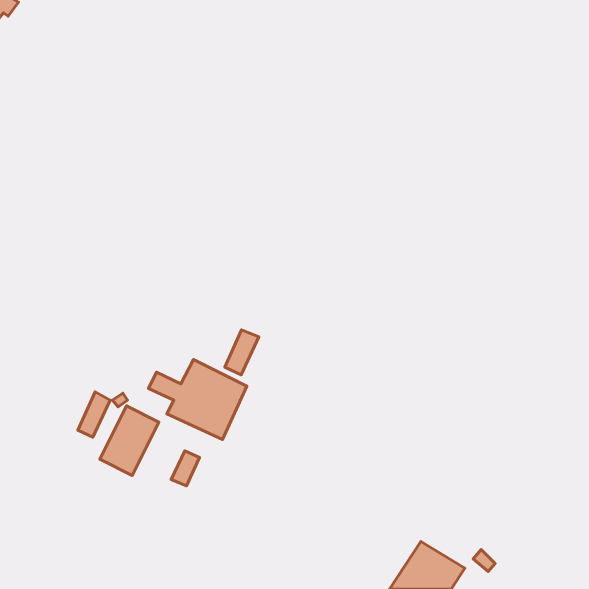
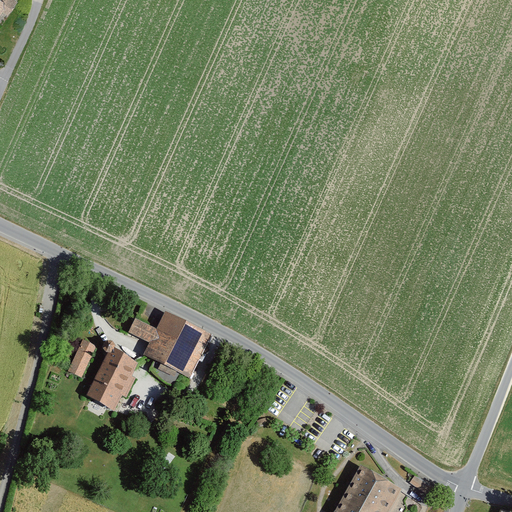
building: [225,330,259,375] -> none
building: [171,451,199,486] -> none

